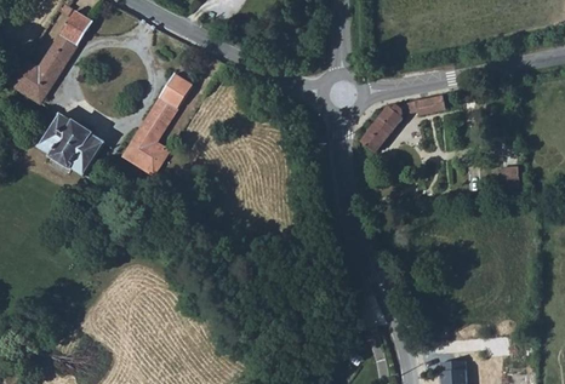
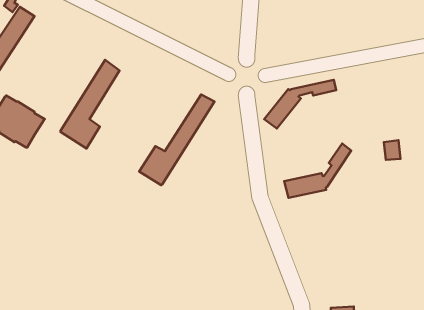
building: none -> [139,95,214,185]
building: none -> [284,143,351,198]

